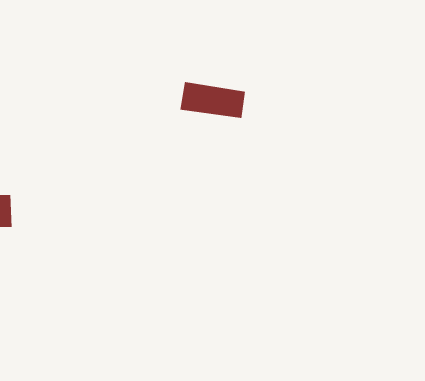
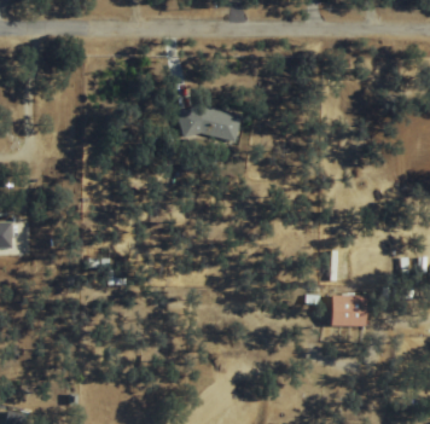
building: none -> [331,295,367,325]

